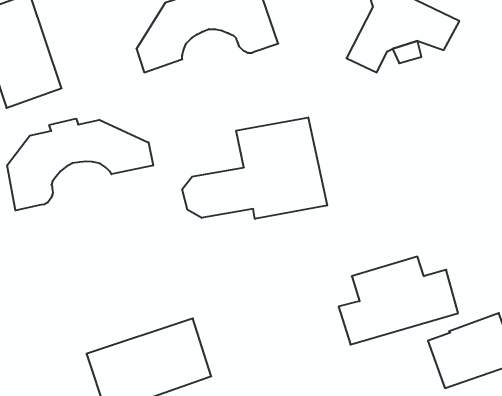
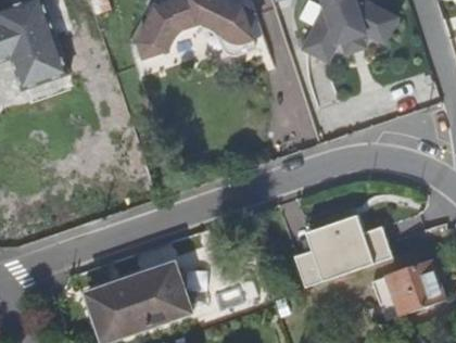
building: [182,117,327,219] -> none
building: [7,119,153,210] -> none

